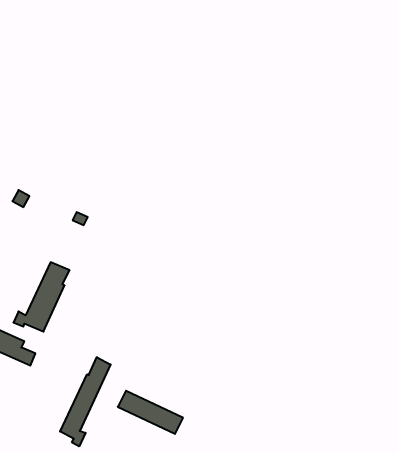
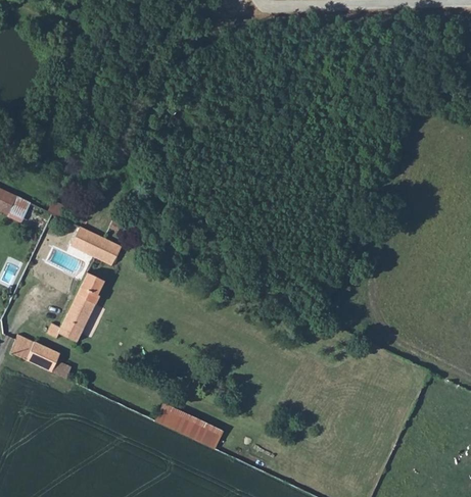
building: none -> [72,226,123,265]
building: [60,357,111,446] -> none

